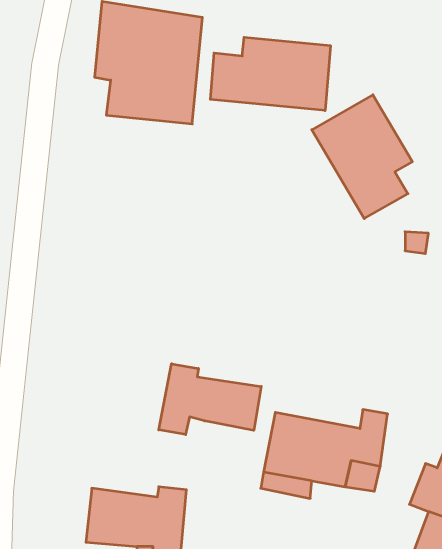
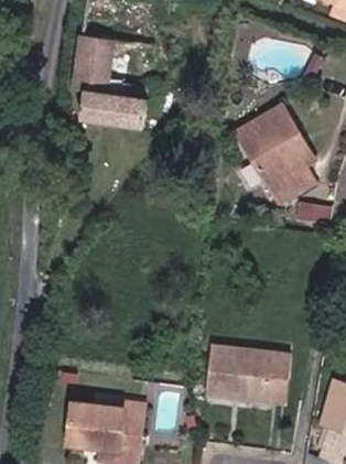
building: [210,37,330,111] -> none
building: [159,364,261,435] -> none

